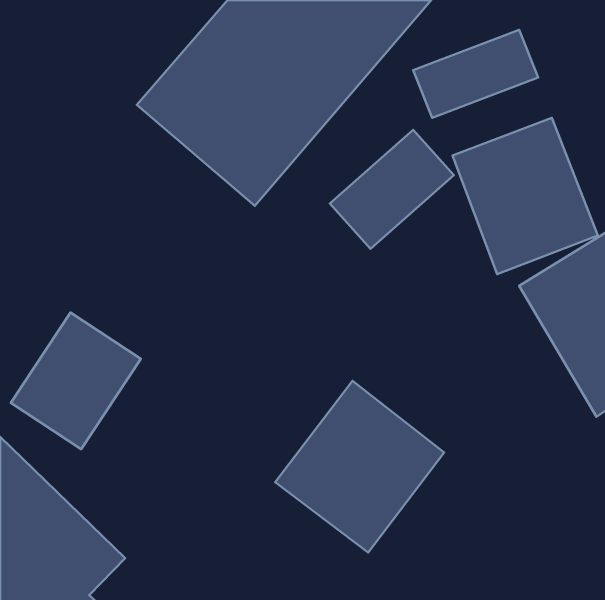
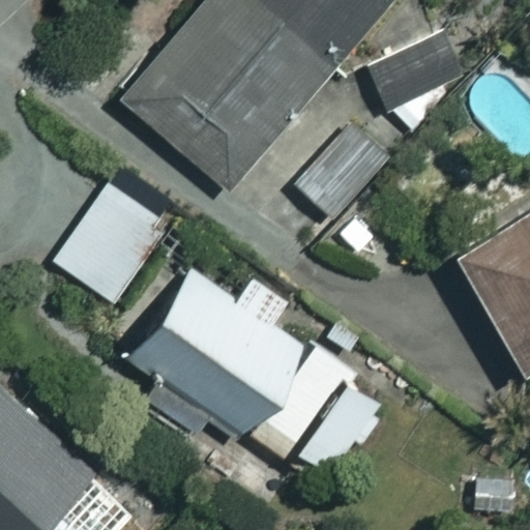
building: [452,118,598,274] -> none
building: none -> [116,260,310,440]
building: [11,312,141,449] -> [54,183,167,302]

